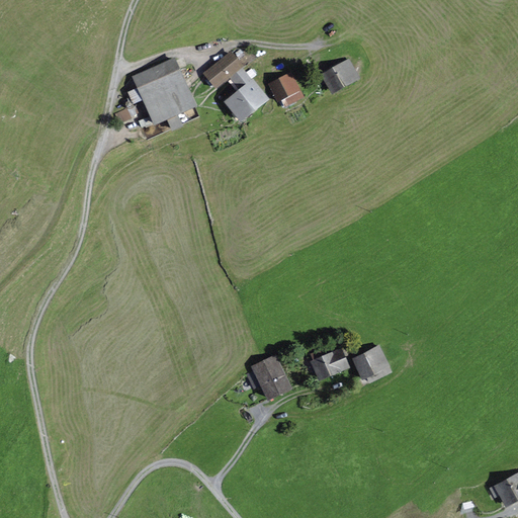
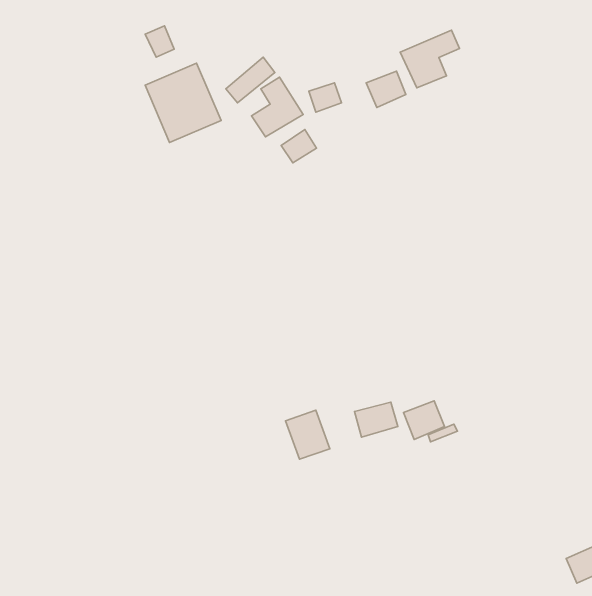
building: none -> [145,26,174,57]
building: none -> [400,30,459,88]
building: none -> [281,130,317,163]

